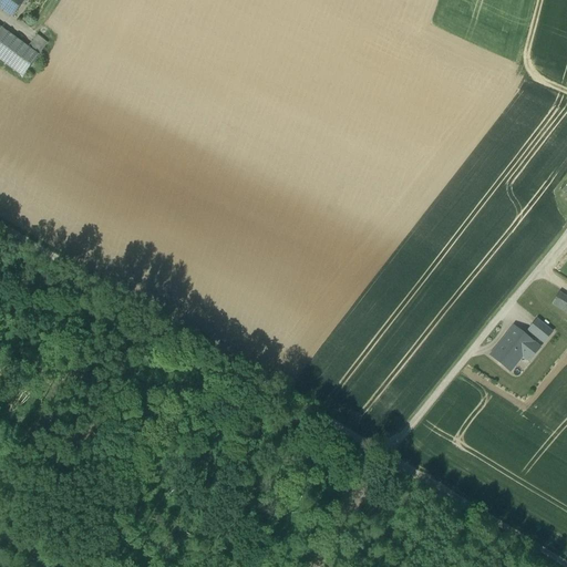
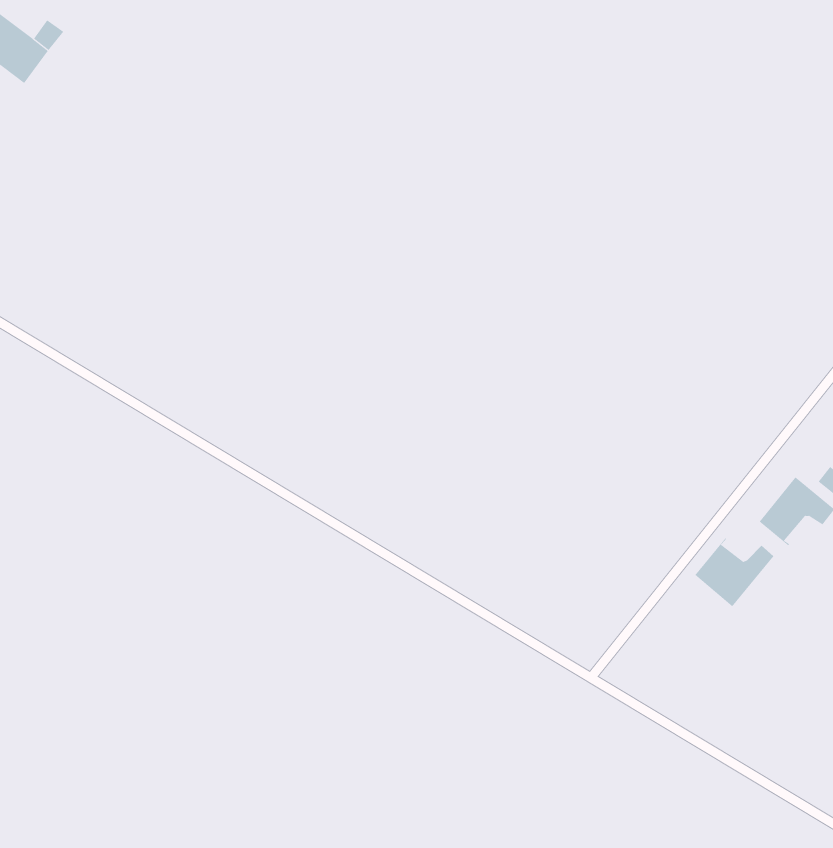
building: none -> [694,538,774,607]

